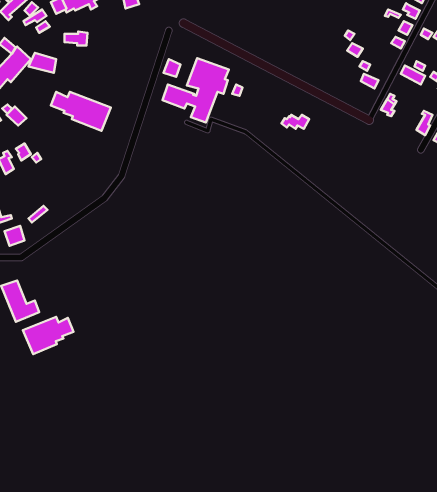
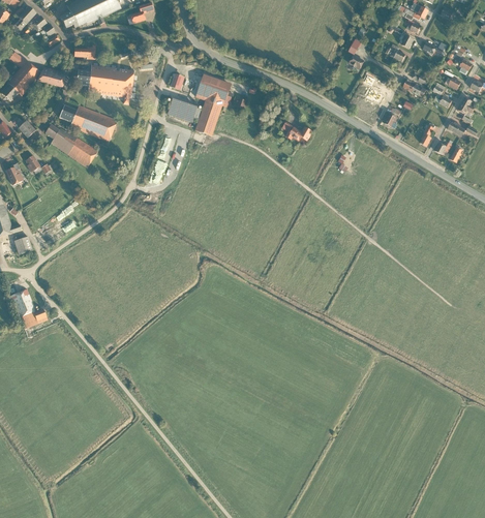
building: none -> [77,64,137,97]
building: none -> [44,124,97,166]
building: [23,317,73,354] -> none

